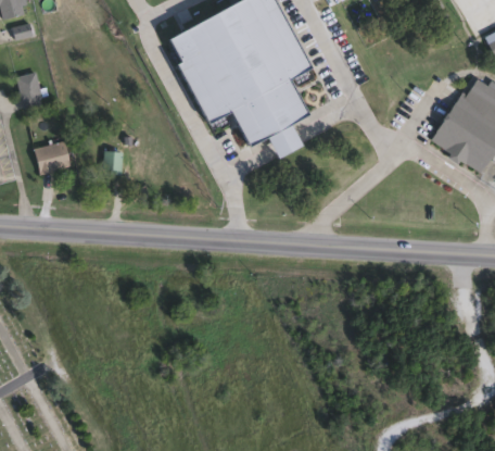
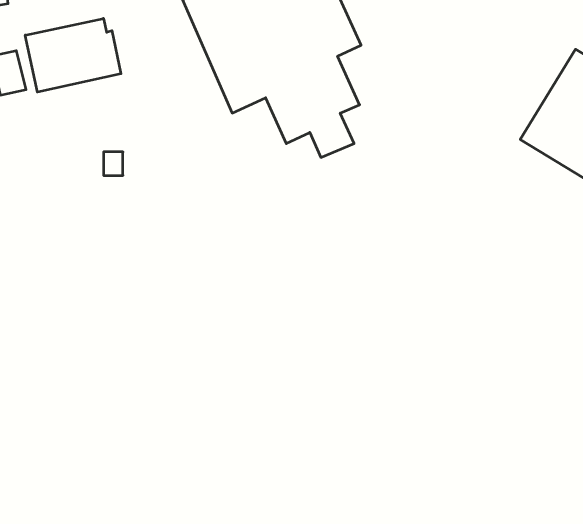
building: none -> [25,18,121,92]
building: [35,141,72,174] -> none

